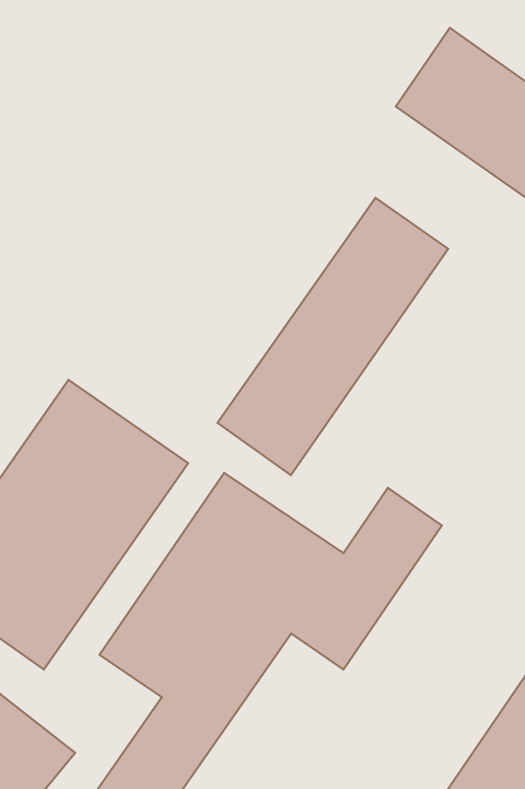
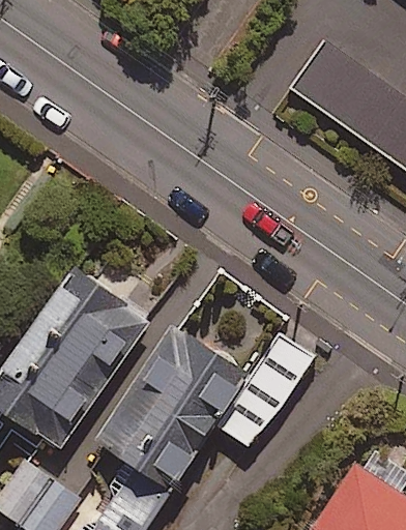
building: [217,198,448,475] -> none

